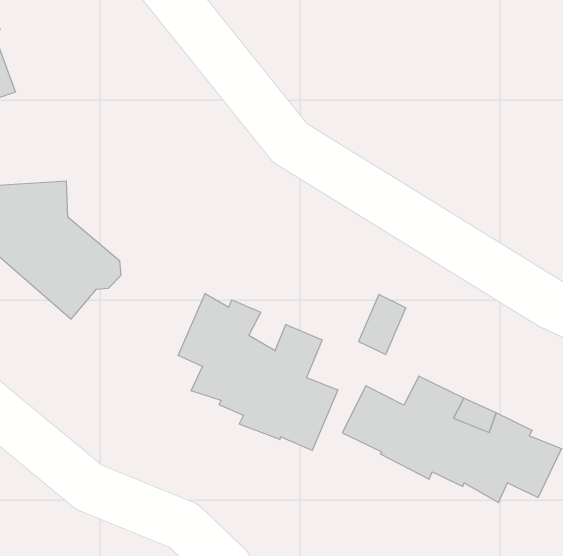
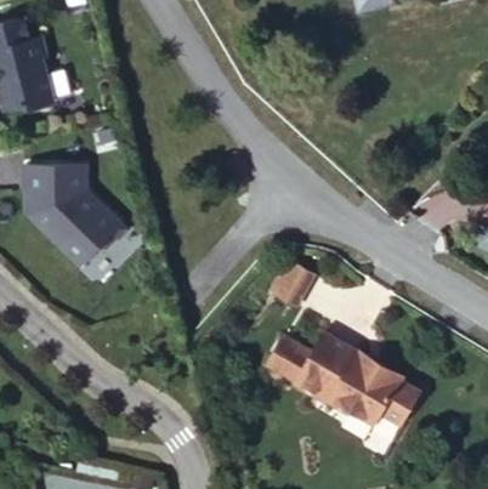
building: [178,293,338,451] -> none

